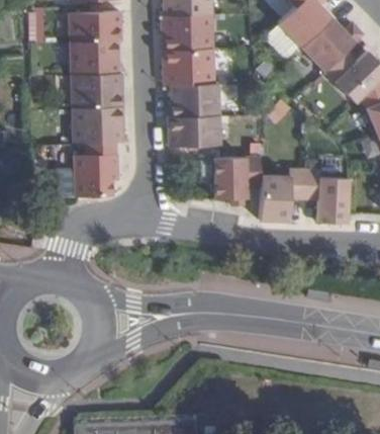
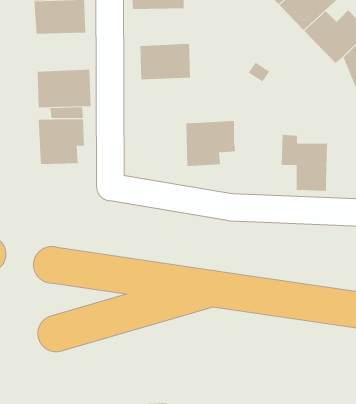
building: [163,50,214,85] -> none
building: [72,73,123,109] -> none
building: [168,115,219,147] -> none
building: [259,169,304,221] -> none

